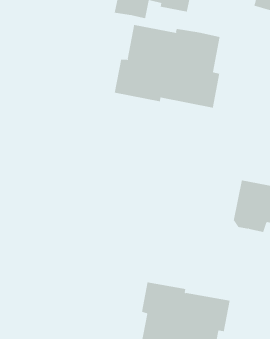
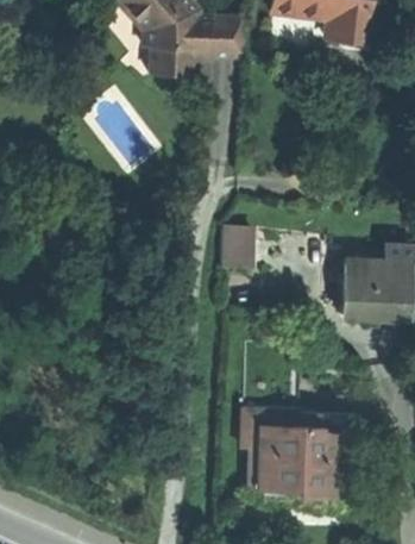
building: [114,24,220,108] -> none
building: none -> [222,227,252,268]

